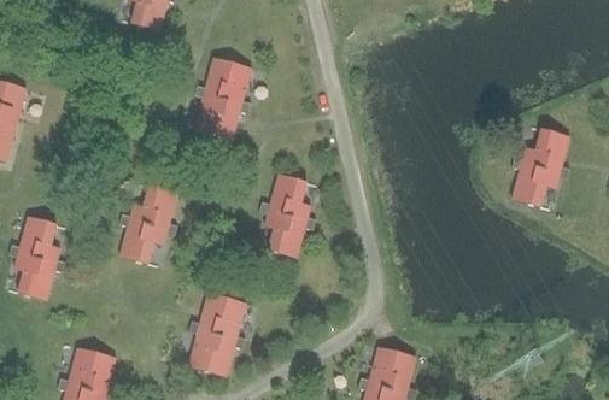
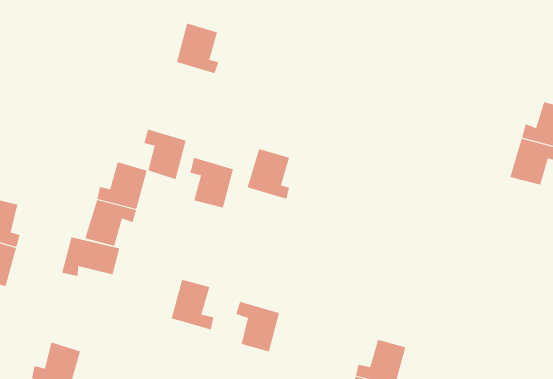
building: [200,93,240,140] -> [143,129,187,180]
building: [265,208,306,255] -> [190,157,234,208]
building: none -> [62,236,120,277]
building: [195,329,236,376] -> [236,301,280,352]

